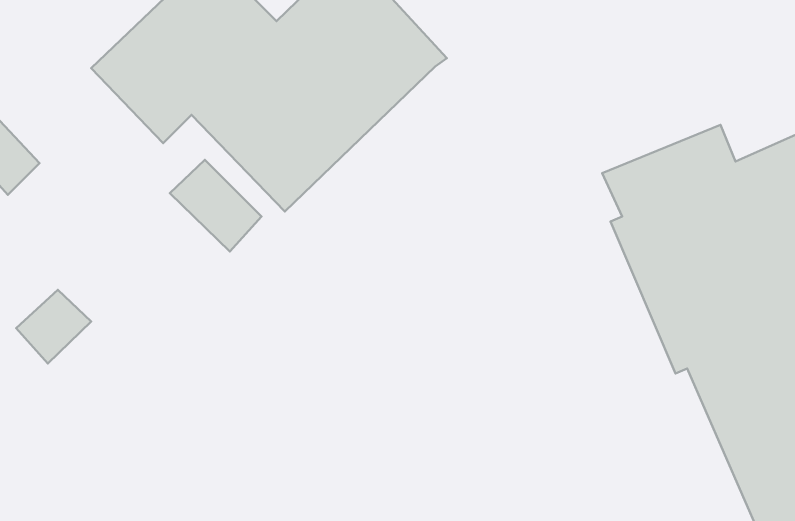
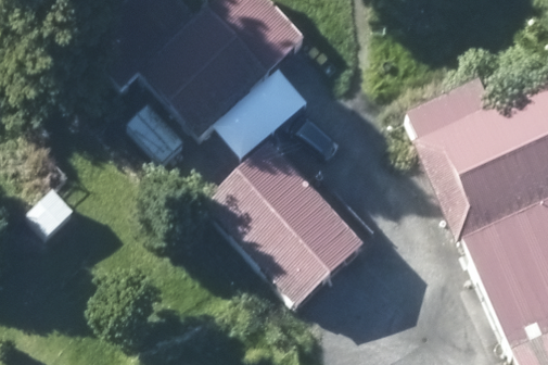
building: none -> [207,148,357,300]

